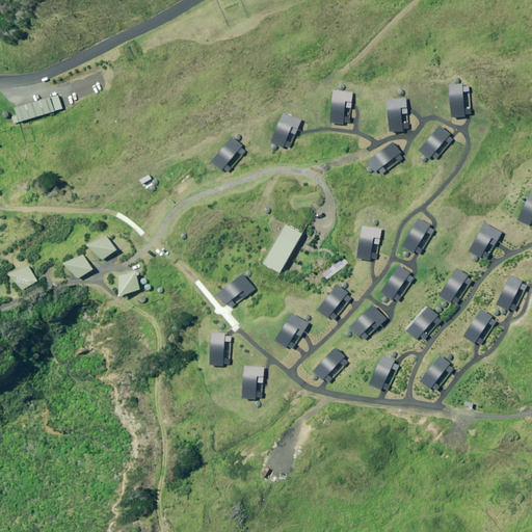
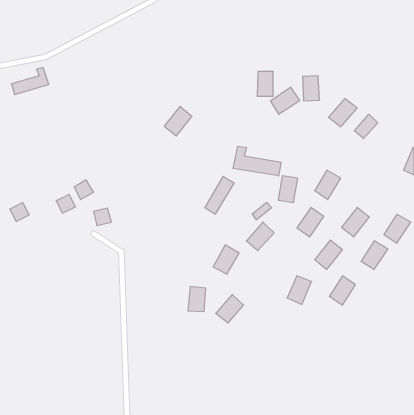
building: [447,83,469,115] -> none
building: [271,113,302,150] -> none
building: [365,141,402,176] -> [270,87,300,114]
building: none -> [354,114,378,139]
building: none -> [233,146,281,176]
building: [466,222,499,259] -> none
building: [216,272,254,308] -> none
building: [348,305,384,341] -> none
building: [209,332,230,365] -> none
building: [310,348,345,384] -> [216,294,244,323]

